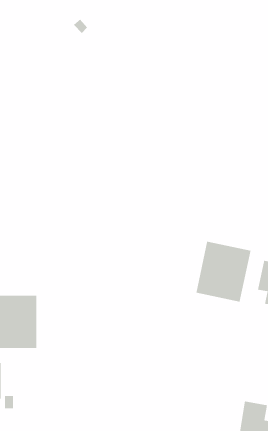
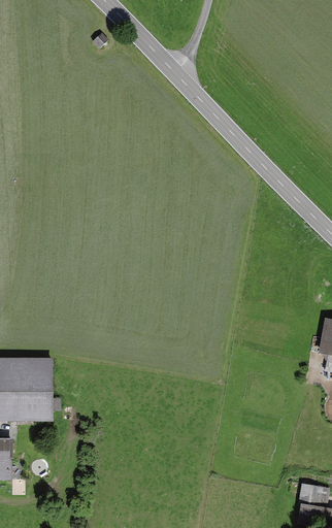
building: [196,241,251,302] -> none

